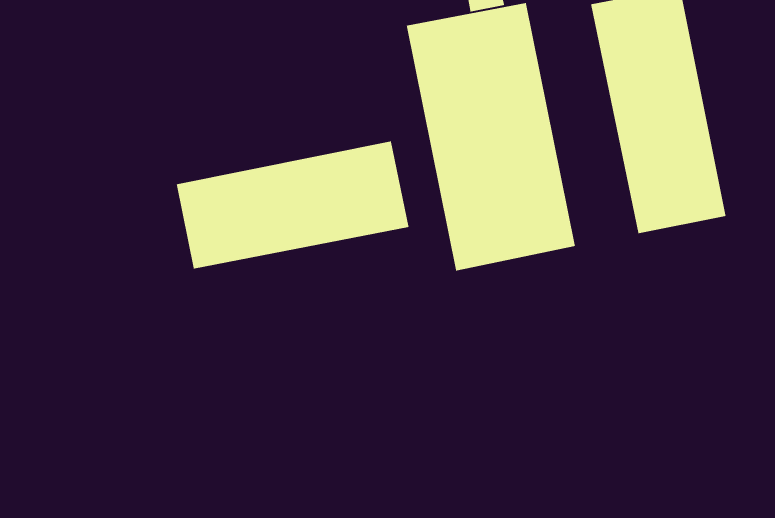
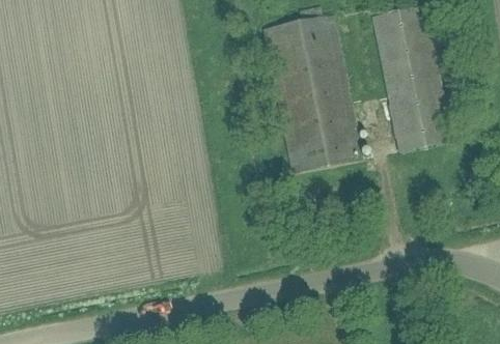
building: [176,140,409,269] -> none

